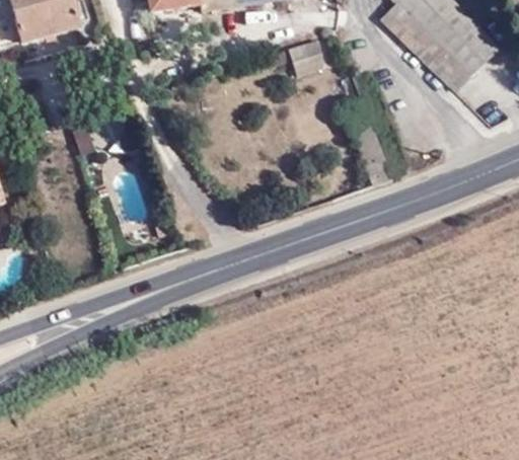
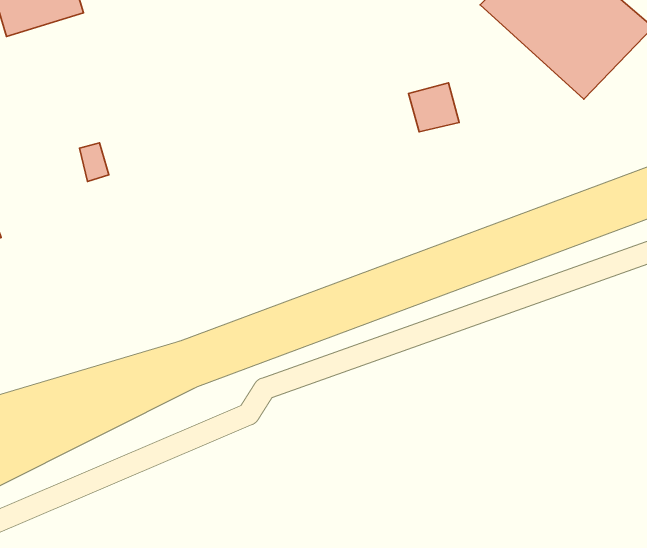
building: [287,39,325,76] -> [409,83,459,132]

